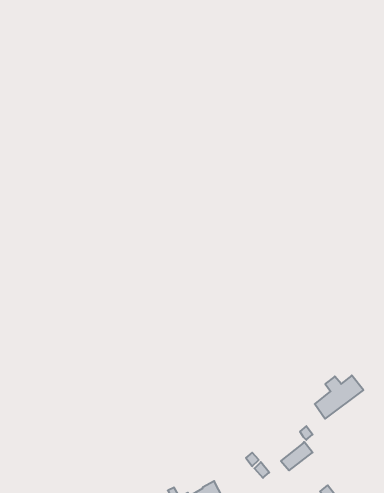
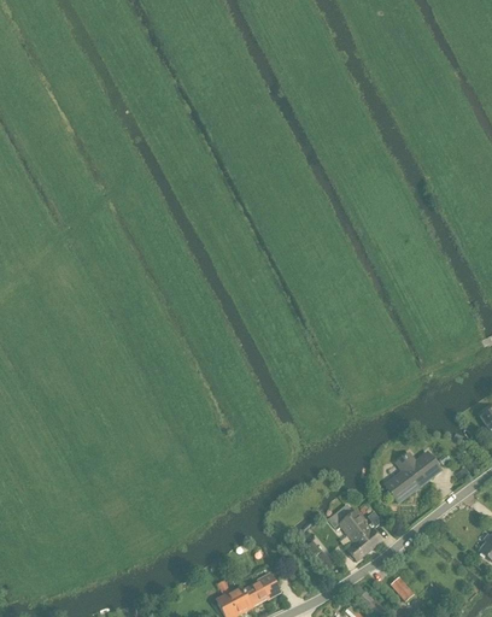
building: none -> [328,504,371,543]

